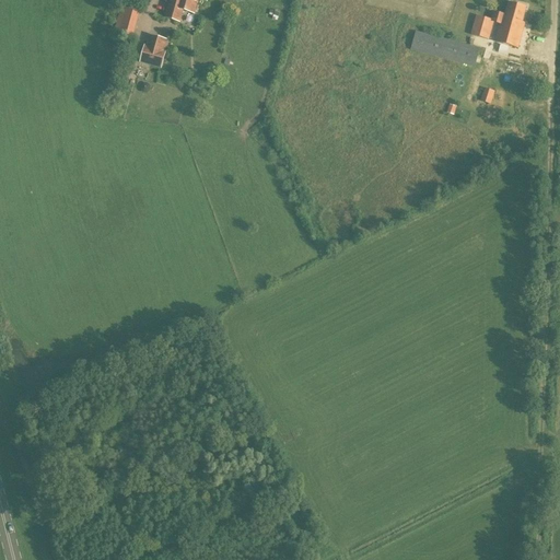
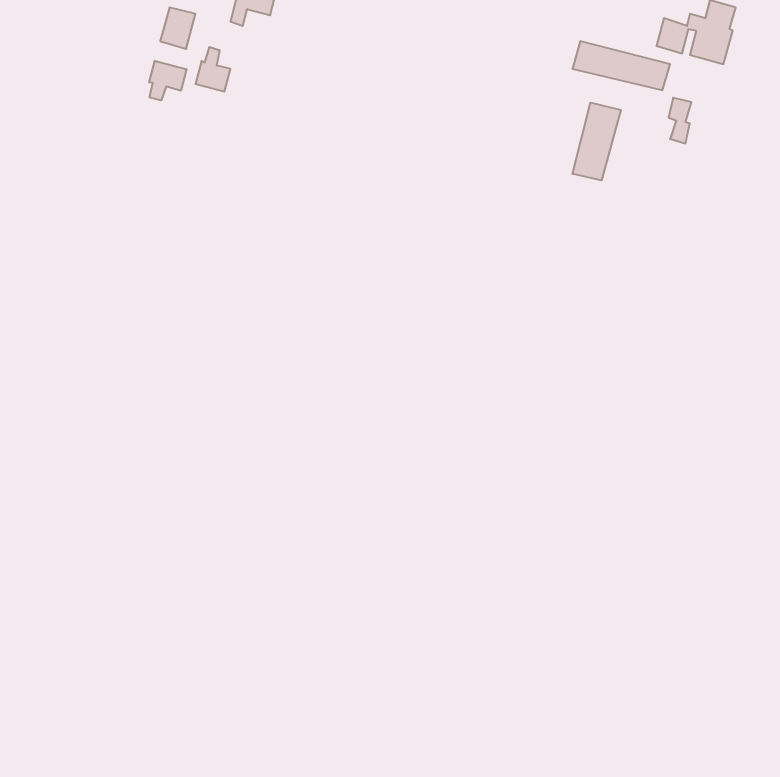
building: none -> [149,61,186,100]
building: none -> [572,103,621,180]

